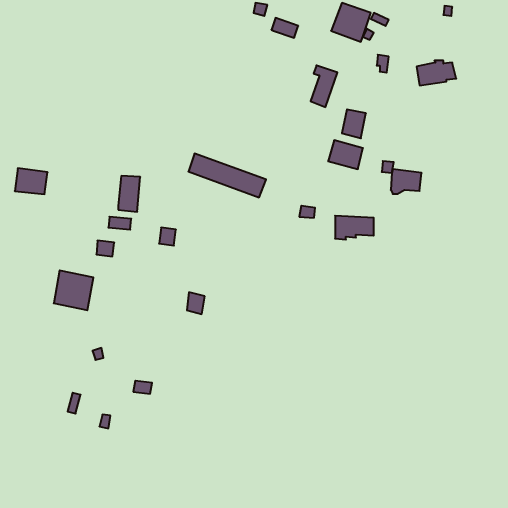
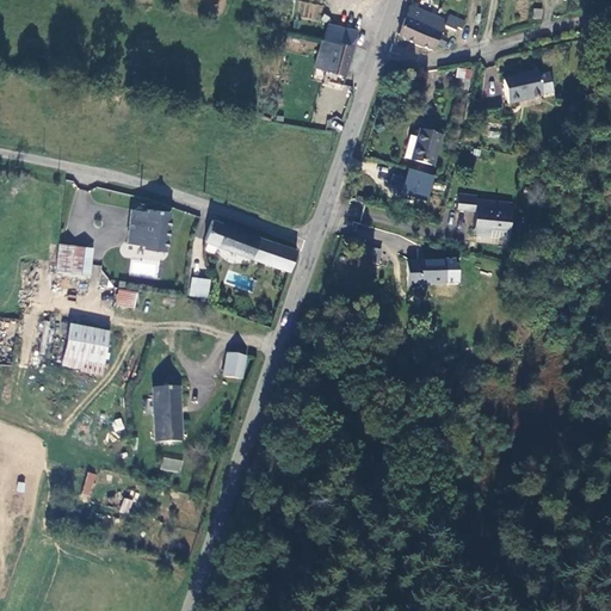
building: [311,65,337,107] -> [321,37,353,87]
building: [188,154,266,197] -> [202,220,295,272]
building: [15,168,48,194] -> [55,242,94,273]
building: none -> [125,209,146,247]
building: none -> [158,385,184,439]

